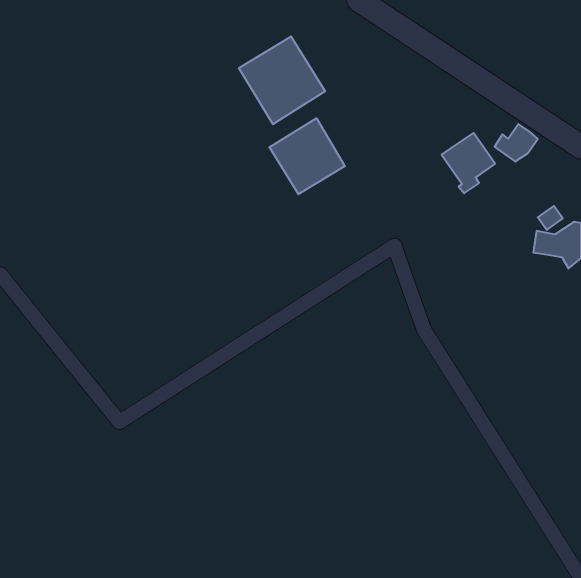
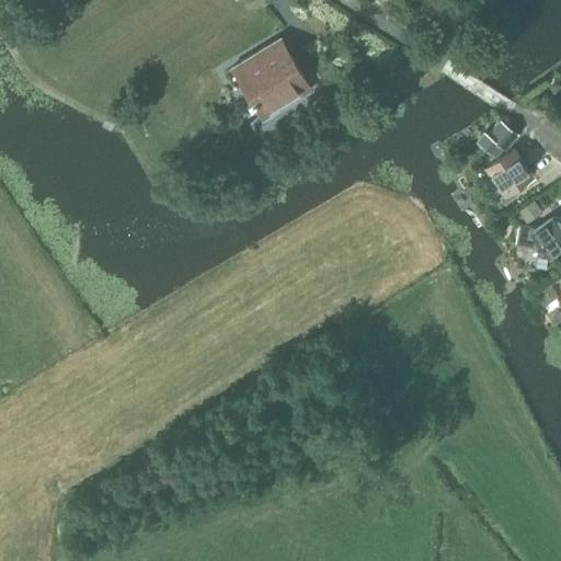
building: [269,118,345,194] -> none
building: [442,133,495,193] -> [483,148,535,206]

